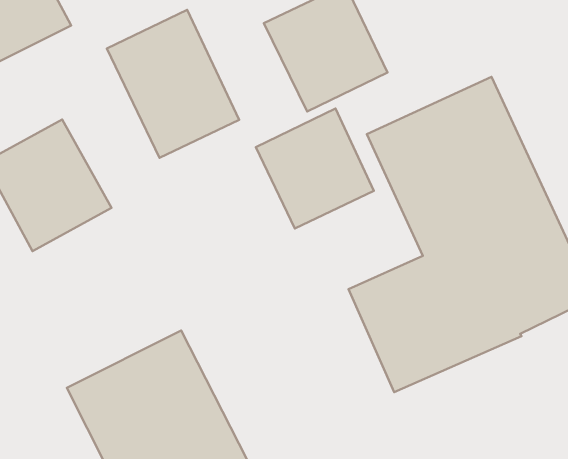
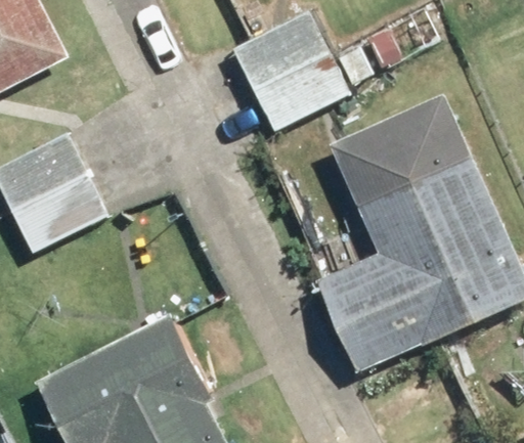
building: [107,10,239,158] -> none
building: [256,109,374,228] -> none

